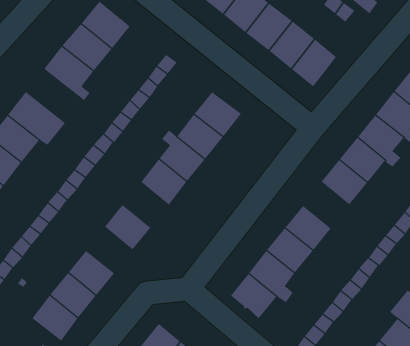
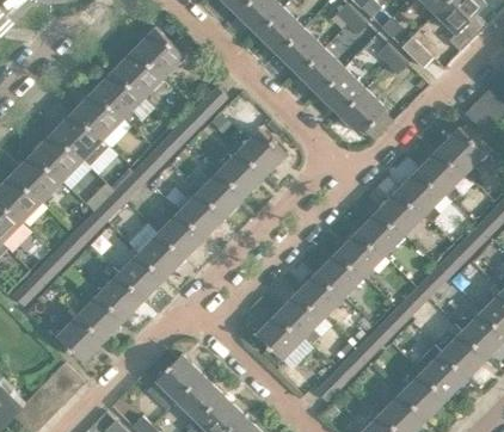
building: none -> [72,91,122,140]
building: none -> [156,205,203,259]
building: none -> [336,230,382,278]
building: none -> [110,247,162,301]

